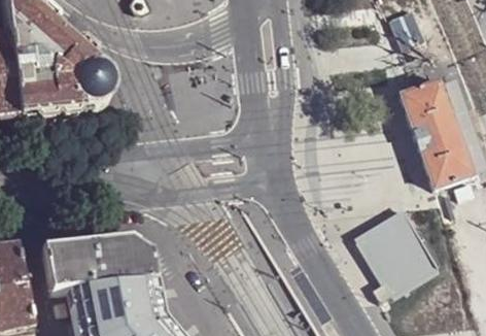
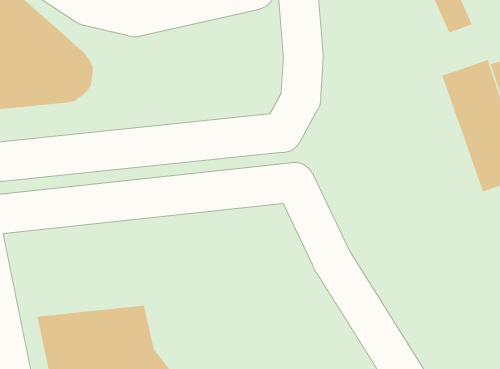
building: [355,206,441,298] -> none
building: [38,237,153,291] -> none

